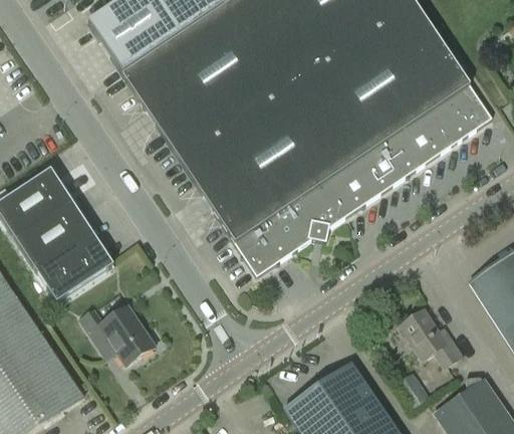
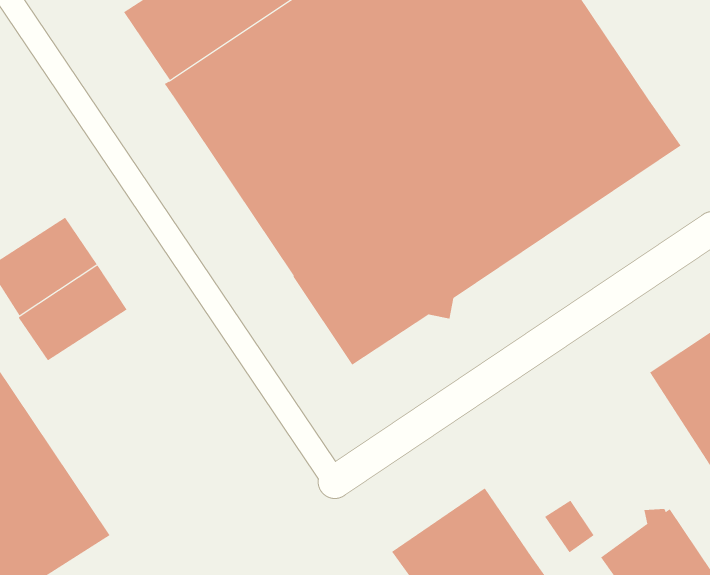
building: [38,235,117,305] -> none
building: [79,305,156,366] -> none
building: [399,308,463,368] -> none

